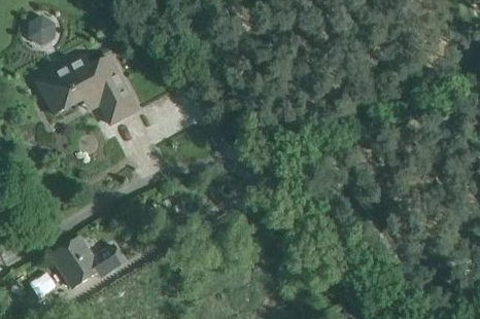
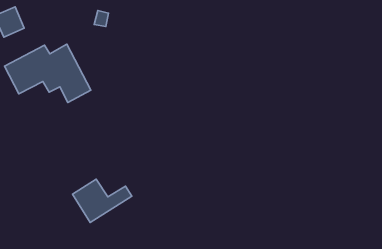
building: [50,237,119,287] -> [72,179,132,223]

